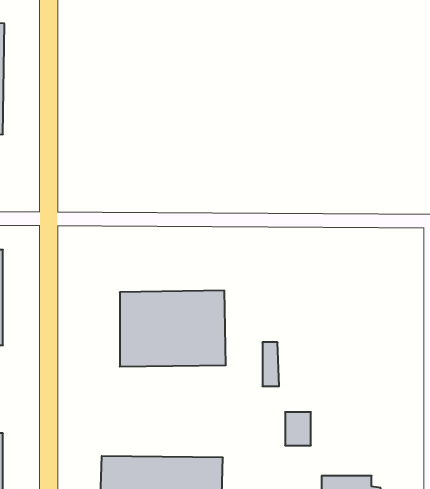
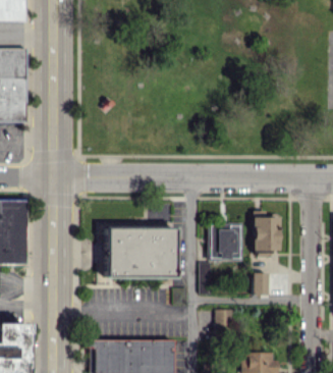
building: none -> [253,210,280,252]
building: none -> [211,225,241,260]
building: none -> [253,272,269,295]

